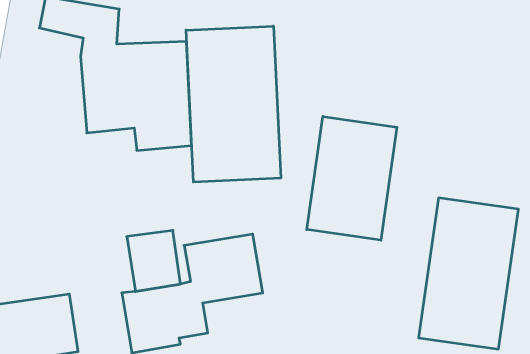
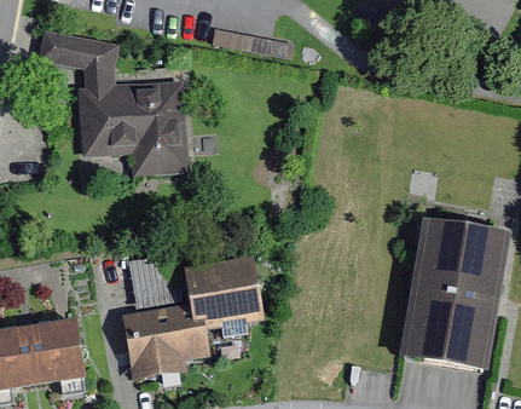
building: [186,26,281,182] -> none
building: [307,116,397,240] -> none

